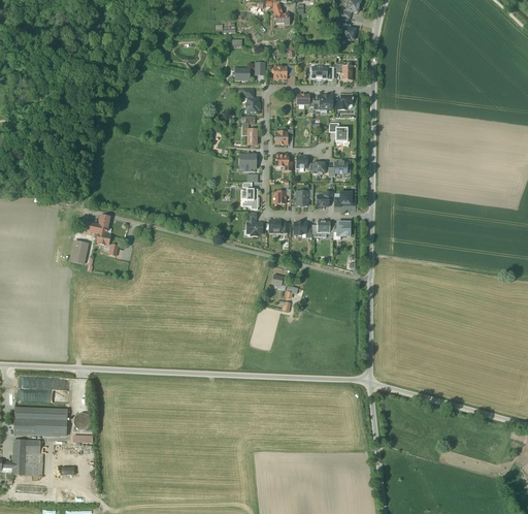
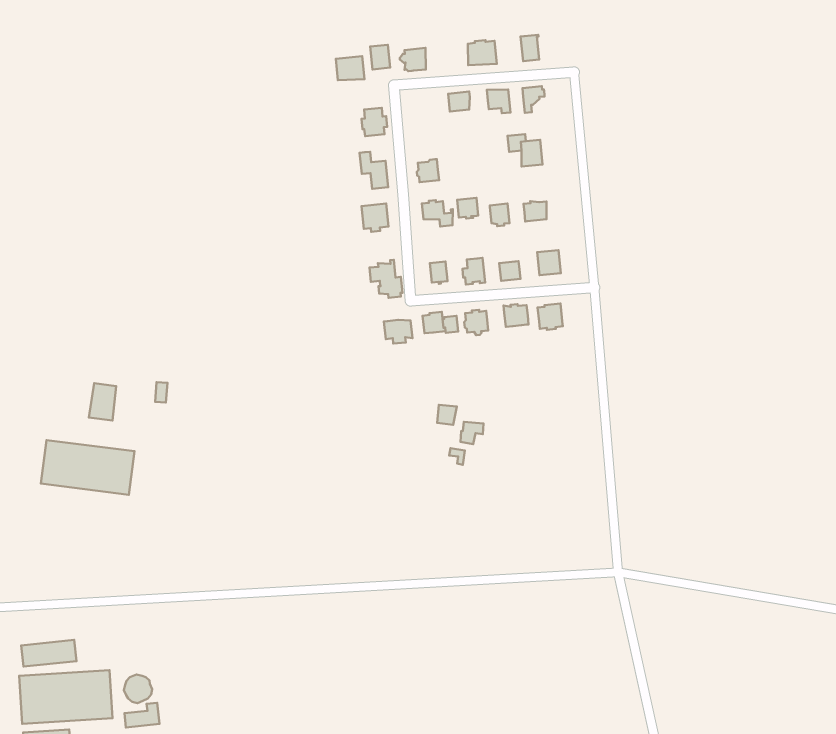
building: [85,216,111,246] -> none
building: none -> [41,440,134,495]

